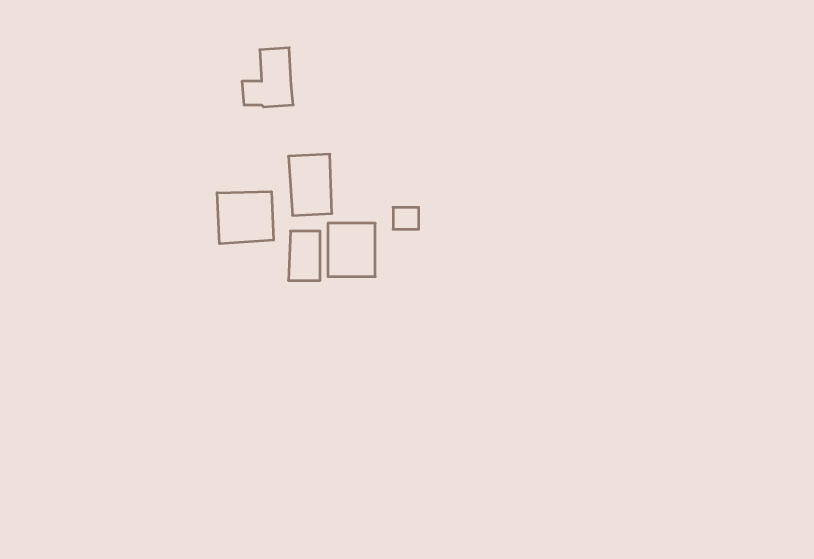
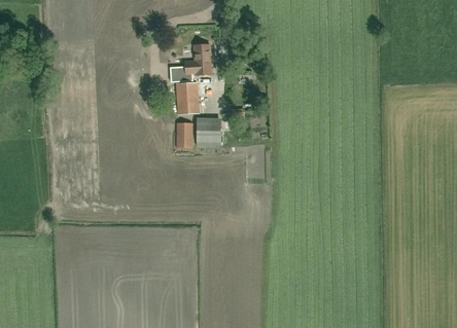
building: [242,48,293,107] -> [185,44,212,75]
building: [217,192,274,244] -> none

